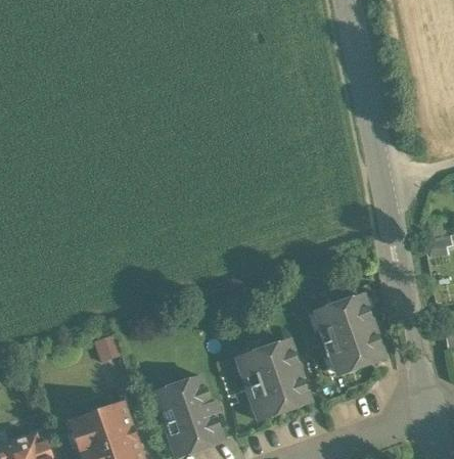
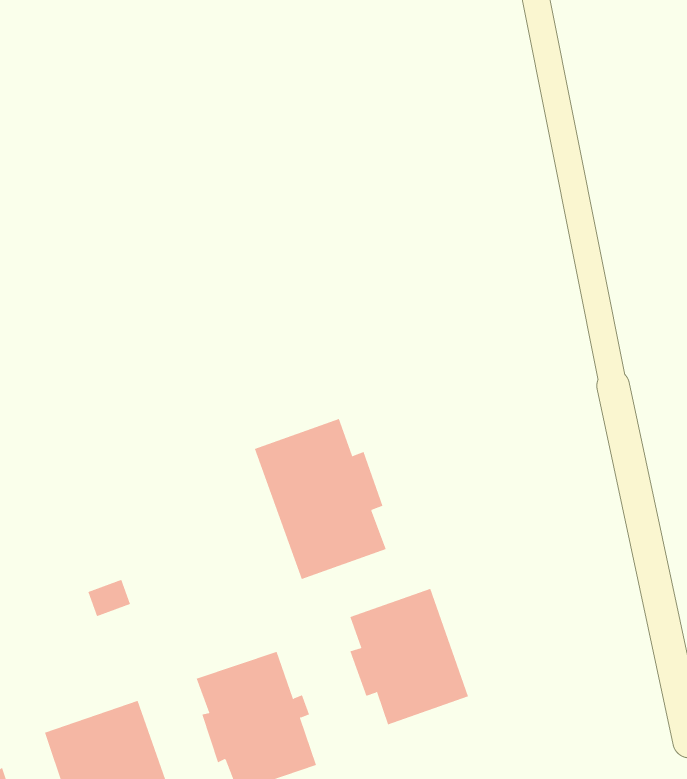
building: none -> [254,418,387,580]
building: [313,295,381,374] -> none

